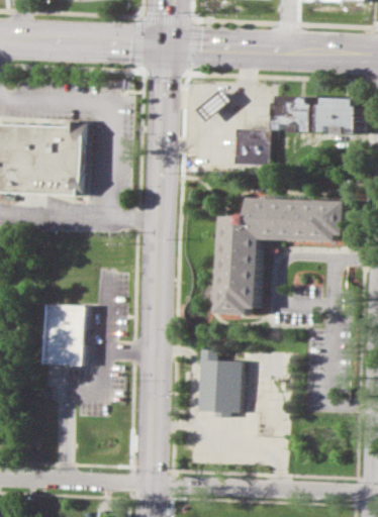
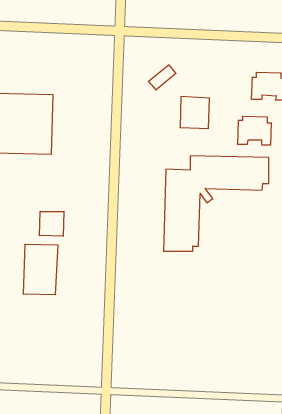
building: [276,96,317,130] -> [237,116,272,145]
building: none -> [39,211,64,236]
building: [193,349,238,414] -> none

